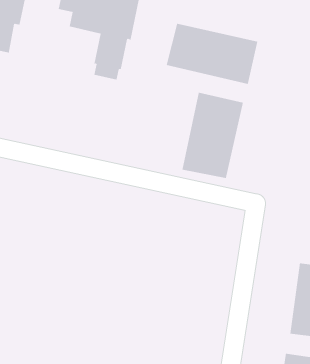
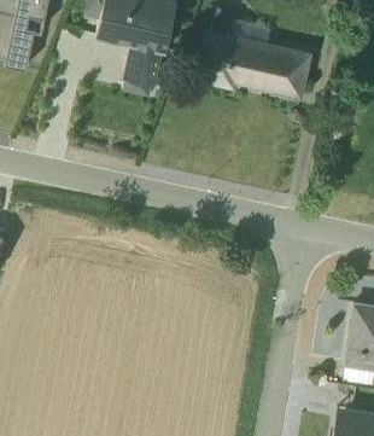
building: [182,92,244,179] -> none

